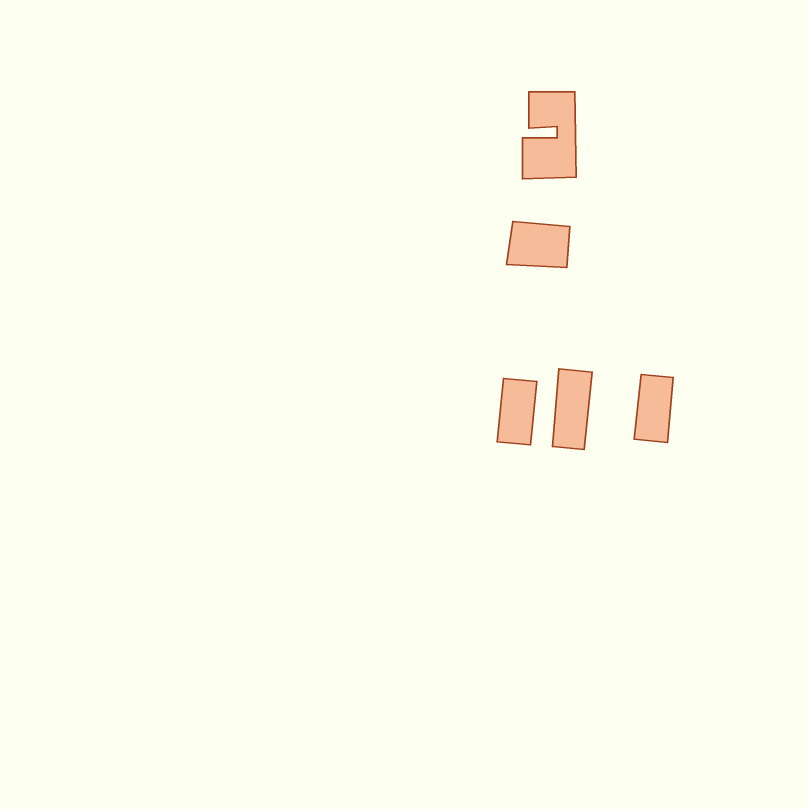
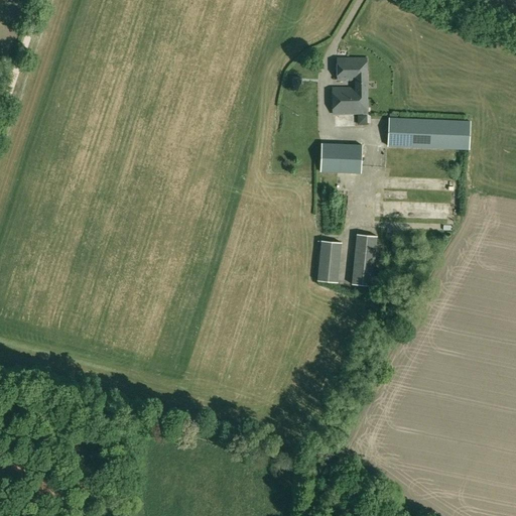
building: none -> [388,118,470,149]
building: [634,374,673,442] -> none

